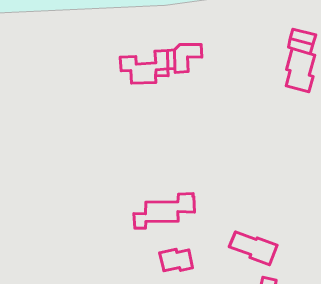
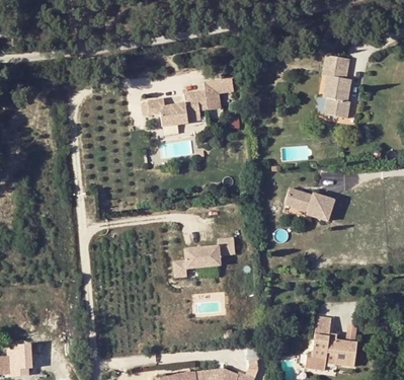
building: [229,232,277,265] -> [282,189,332,221]
building: [160,249,192,271] -> none

